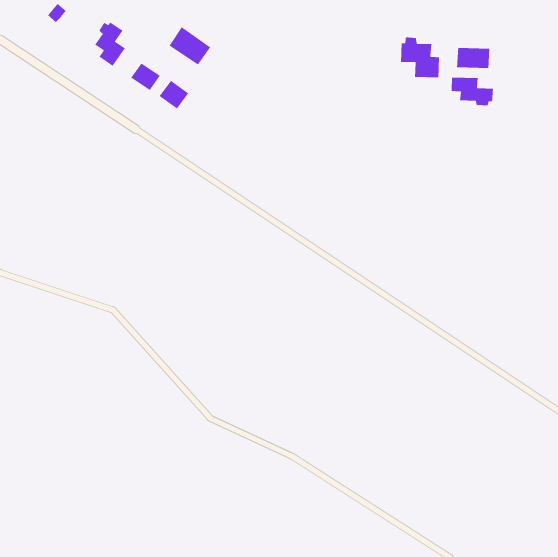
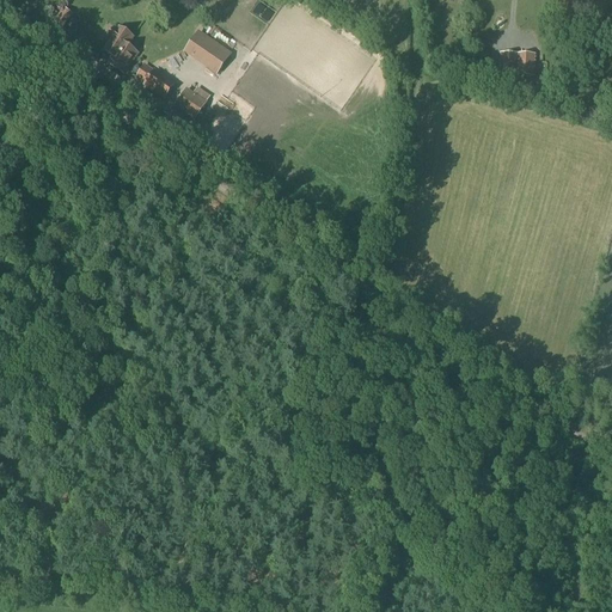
building: [400,36,440,78] -> none
building: [451,77,494,106] -> none

